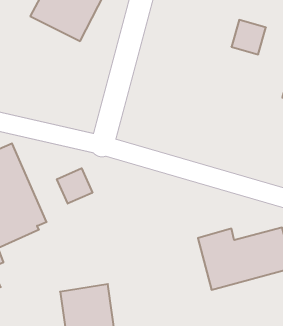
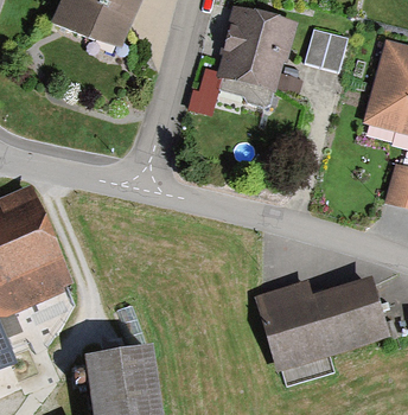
building: none -> [208,18,283,103]
building: [57,168,92,204] -> none

